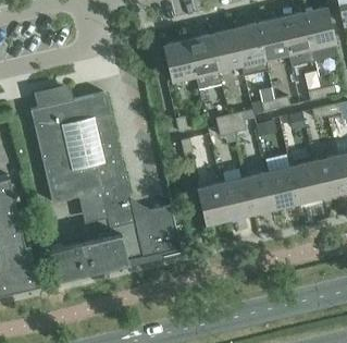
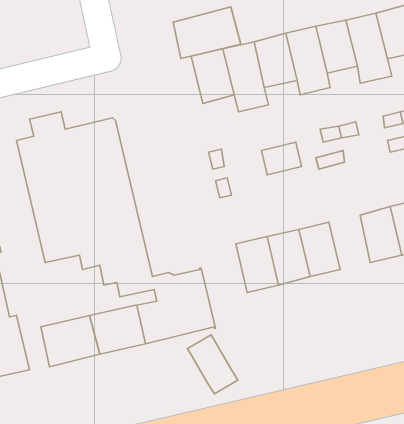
building: none -> [173,7,241,59]
building: [267,167,298,208] -> none
building: none -> [188,335,238,394]

